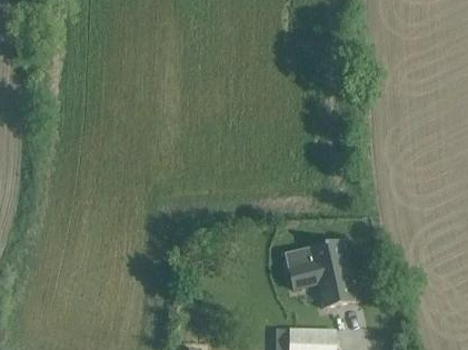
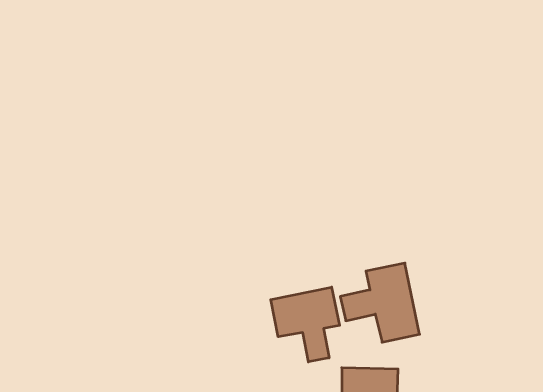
building: none -> [271,287,340,362]

